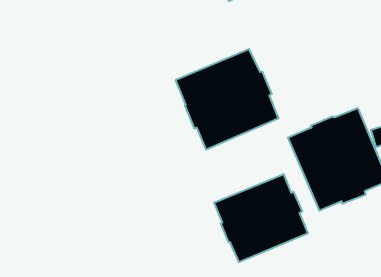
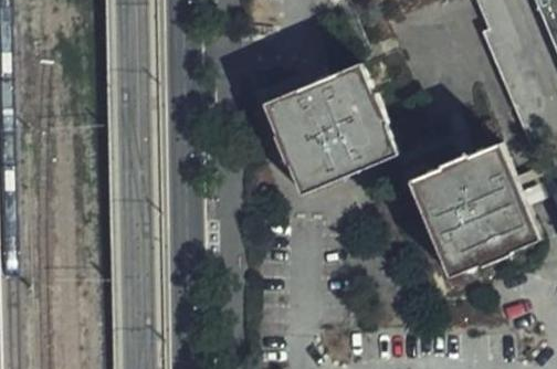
building: [214,174,308,262] -> none

